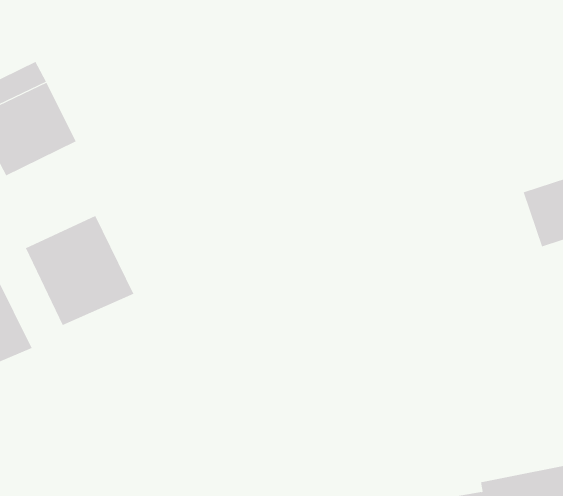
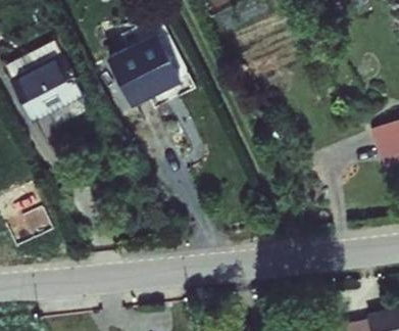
building: none -> [102,42,173,107]
building: [25,215,134,326] -> none

